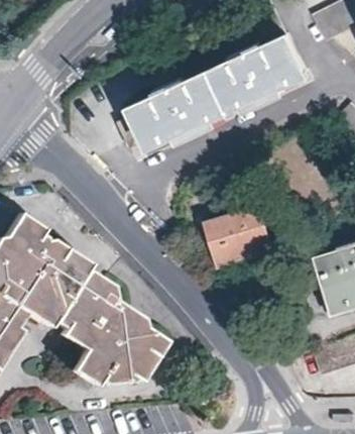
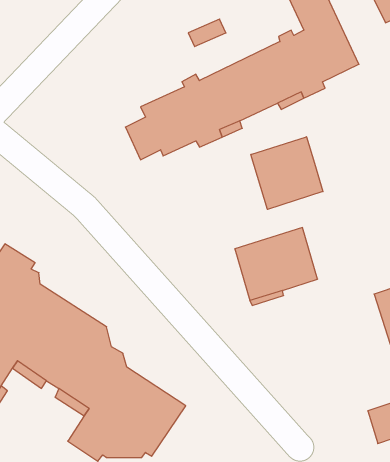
building: none -> [251,137,323,209]

